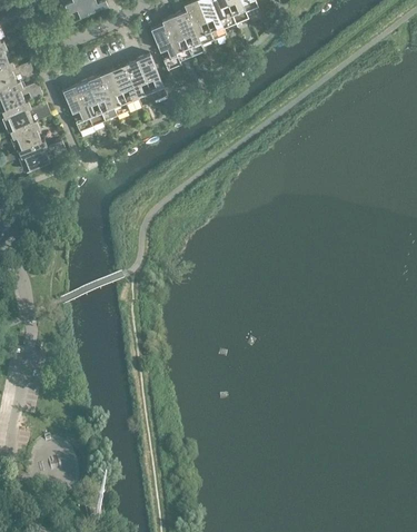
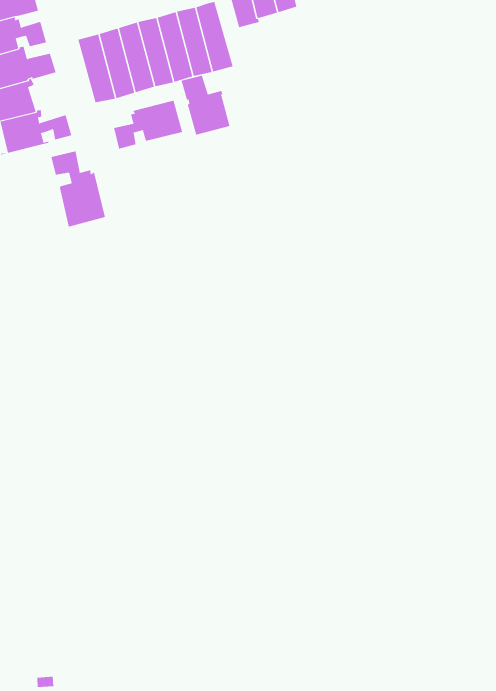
building: none -> [181,75,230,135]
building: none -> [113,100,183,149]
building: none -> [51,150,105,227]

